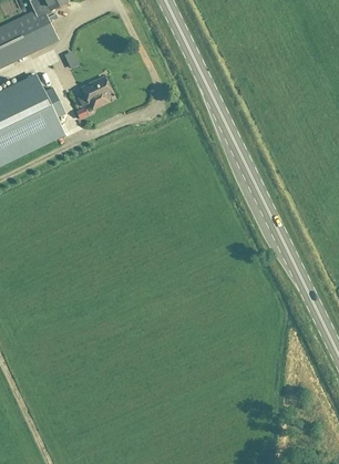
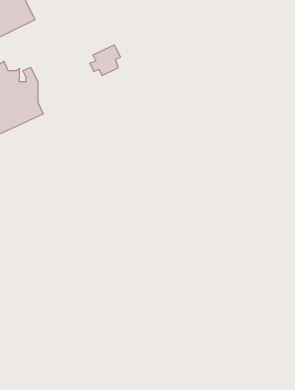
building: [76,75,110,109] -> [90,45,121,76]

